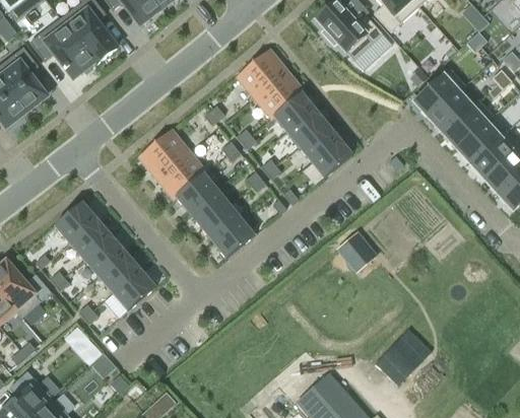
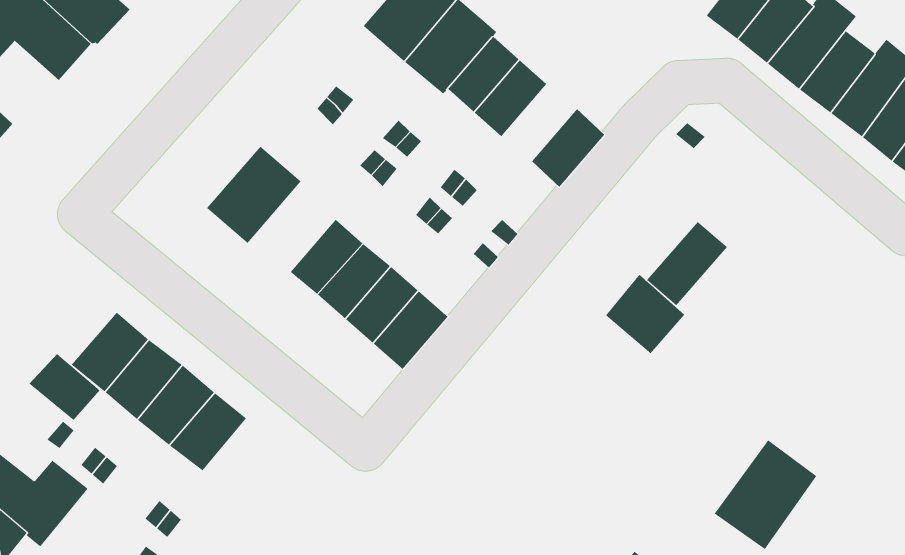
building: [298,123,339,161] -> none
building: [156,151,207,200] -> none
building: none -> [646,221,728,306]
building: none -> [29,353,100,421]
building: [113,269,155,310] -> none

